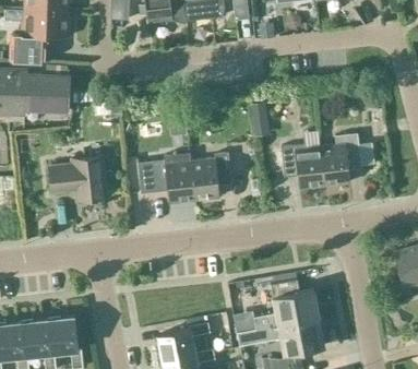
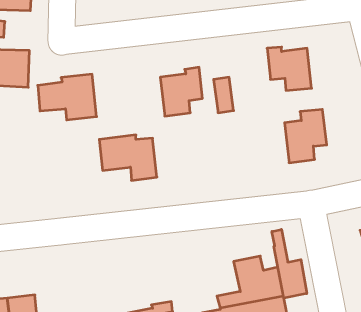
building: [280,146,324,189] -> [267,47,312,90]
building: [190,153,231,201] -> [160,67,202,116]
building: [49,156,107,201] -> [38,74,97,120]
building: none -> [272,229,307,298]

